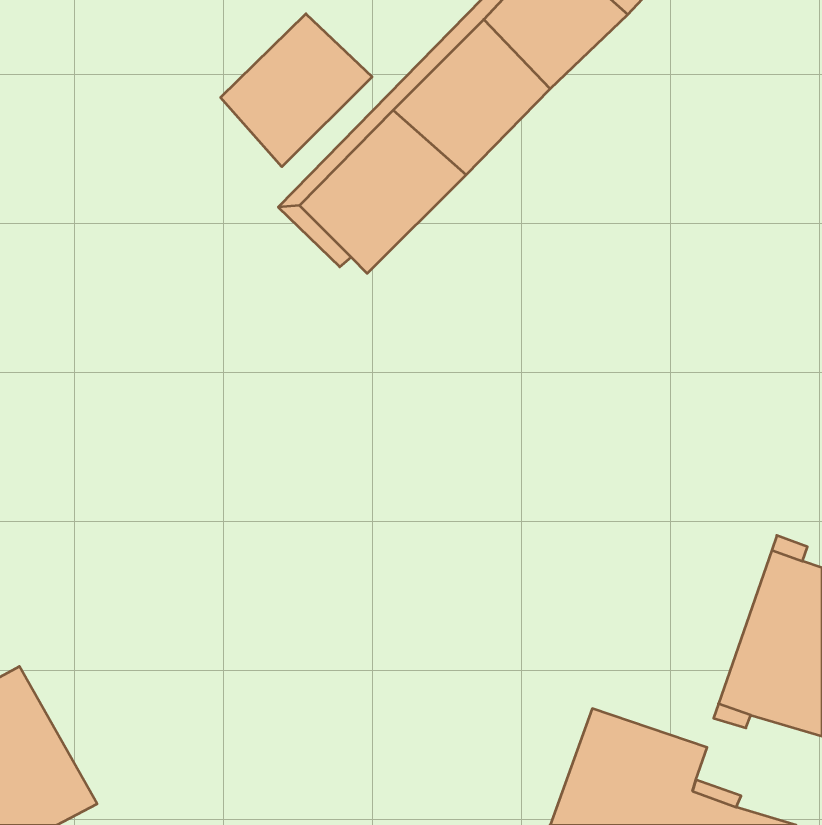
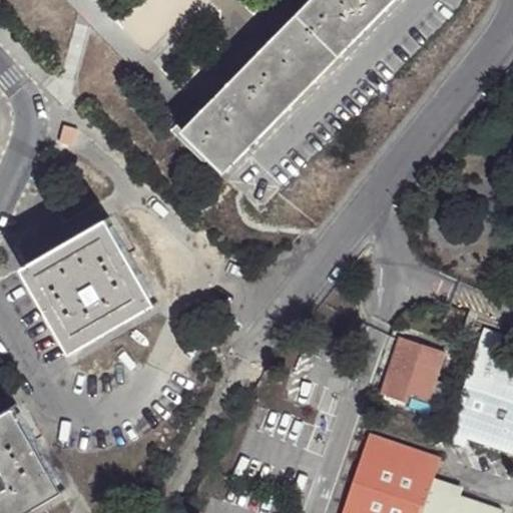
building: [221,14,372,167] -> none
building: none -> [20,222,153,357]
building: none -> [381,334,443,400]

